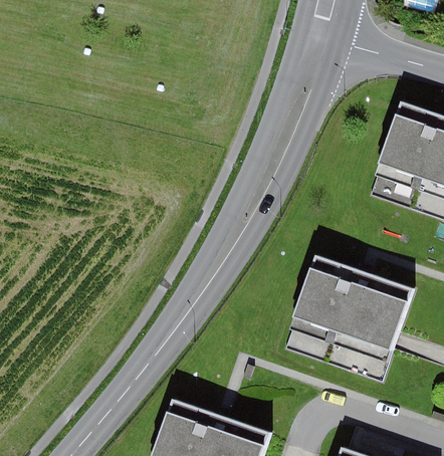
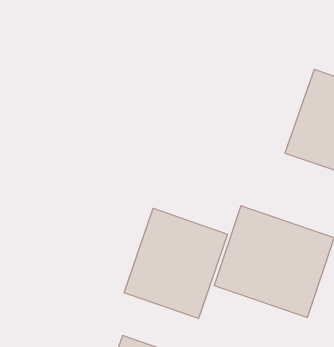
building: none -> [124,208,228,319]

